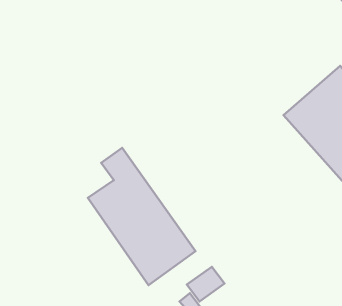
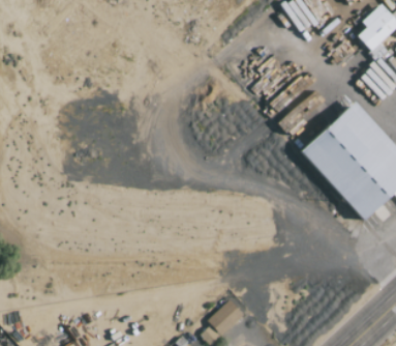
building: [88,148,195,285] -> none

